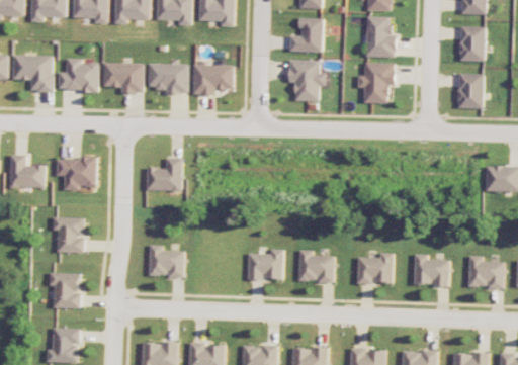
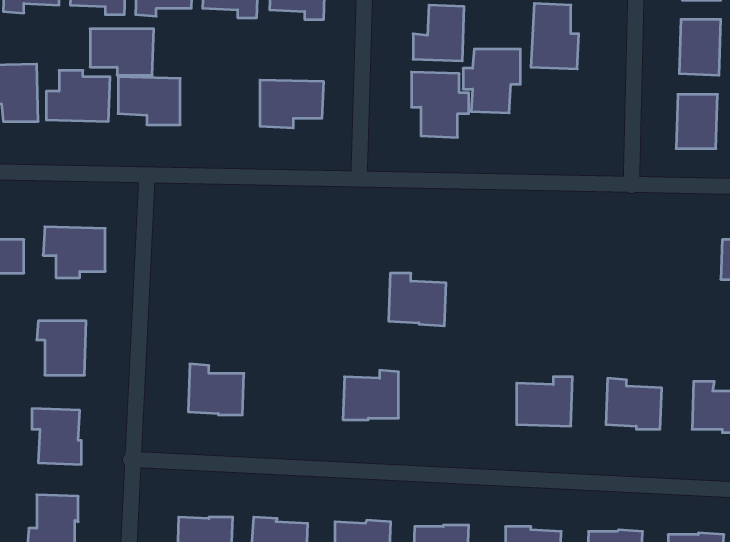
building: [358,63,395,103] -> [463,49,520,113]
building: [148,64,188,93] -> [90,29,154,75]
building: [146,158,181,190] -> none
building: [296,250,333,283] -> [389,273,446,326]

